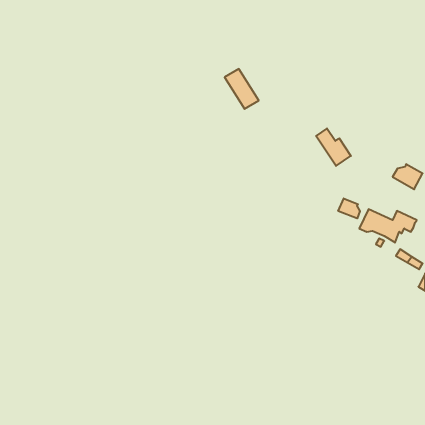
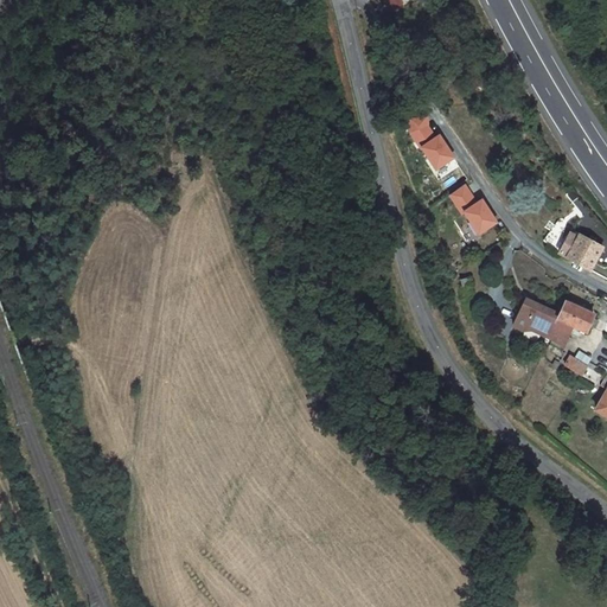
building: [225,69,259,109] -> [407,114,455,171]
building: [338,198,360,218] -> none

